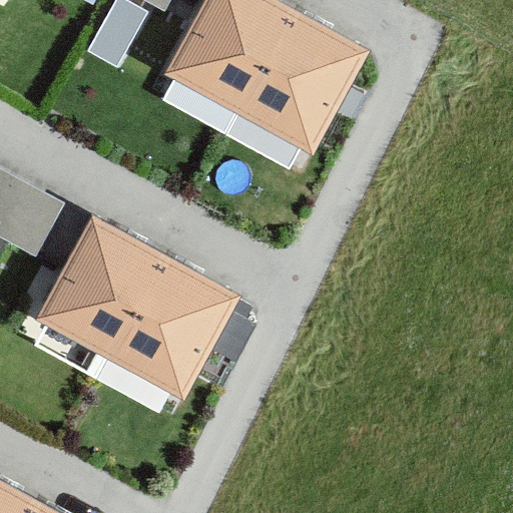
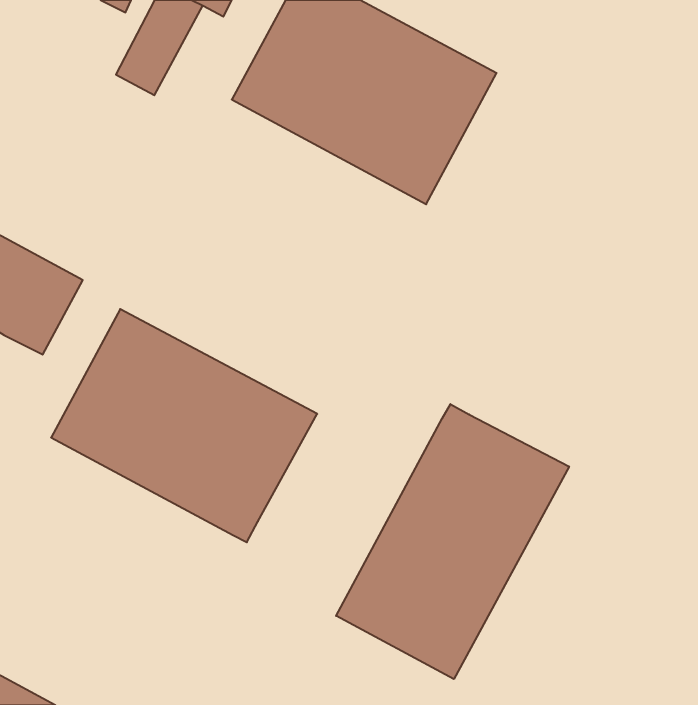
building: none -> [336,404,569,679]

